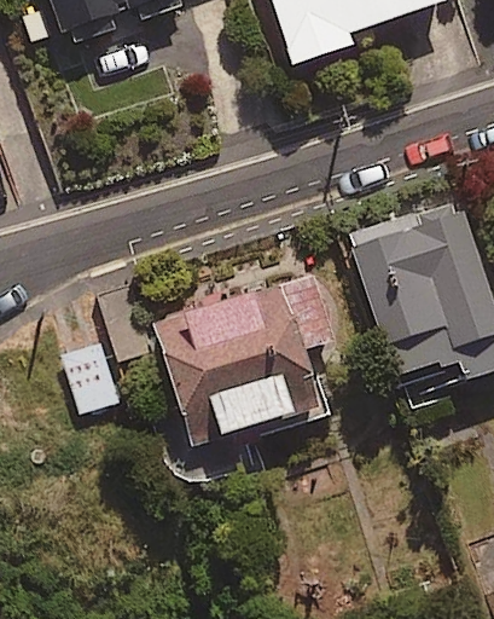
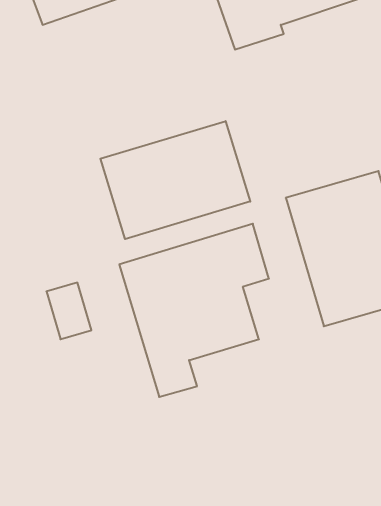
building: none -> [100,121,250,239]

